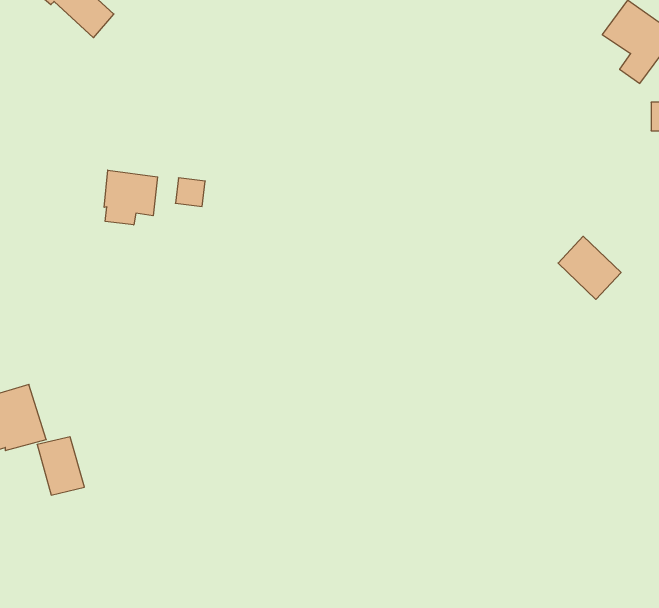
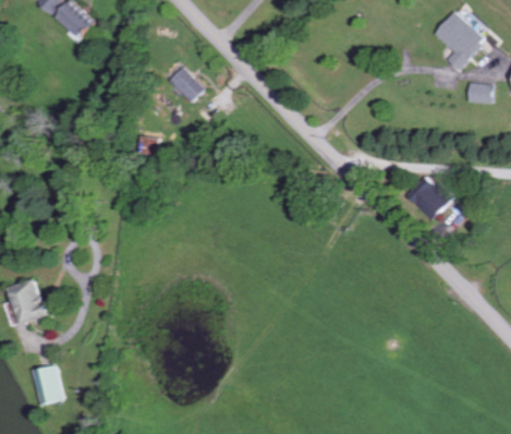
building: none -> [170,67,205,103]
building: [104,170,158,225] -> none
building: [37,437,84,495] -> [32,365,64,406]

